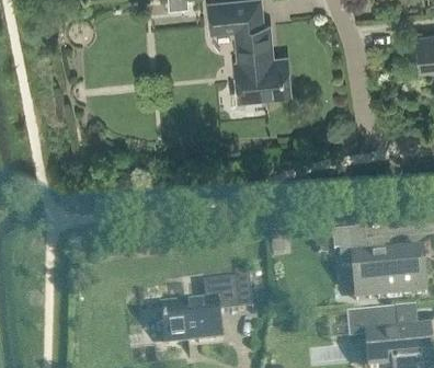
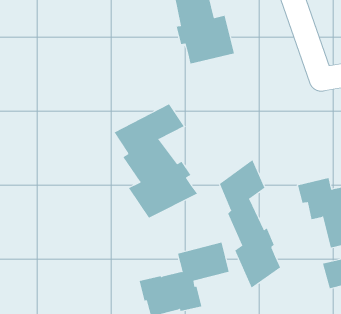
building: none -> [114,104,198,218]
building: none -> [219,159,281,289]

